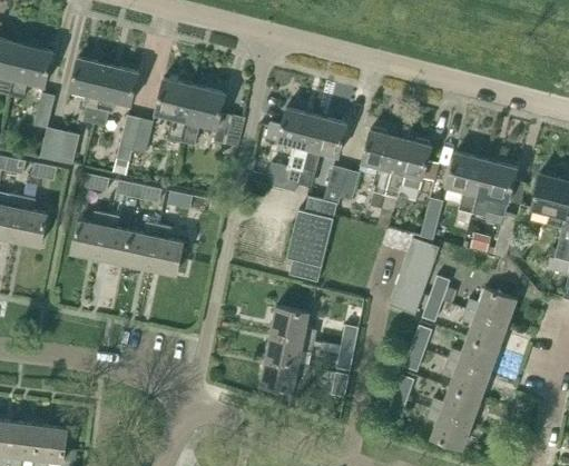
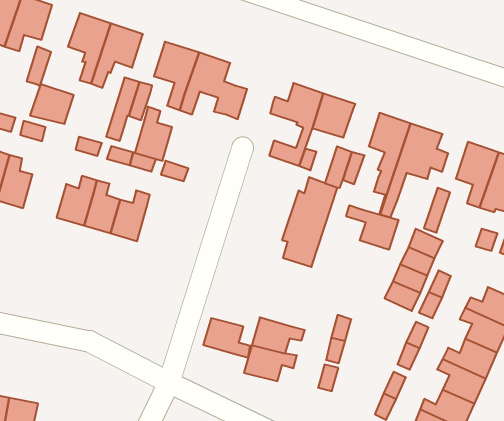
building: none -> [346,205,398,250]
building: [149,224,183,274] -> [135,107,172,161]
building: [271,306,315,340] -> [203,318,250,358]

